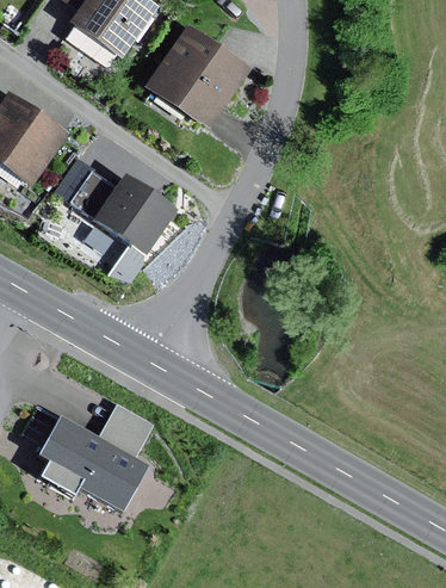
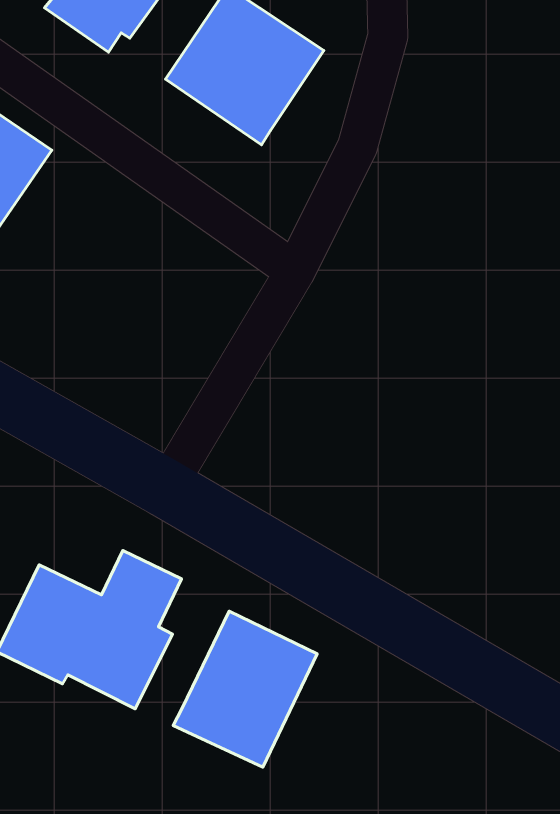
building: [54,163,179,258] -> none
building: none -> [173,611,317,767]

